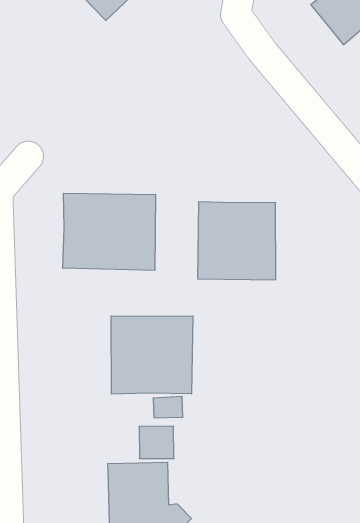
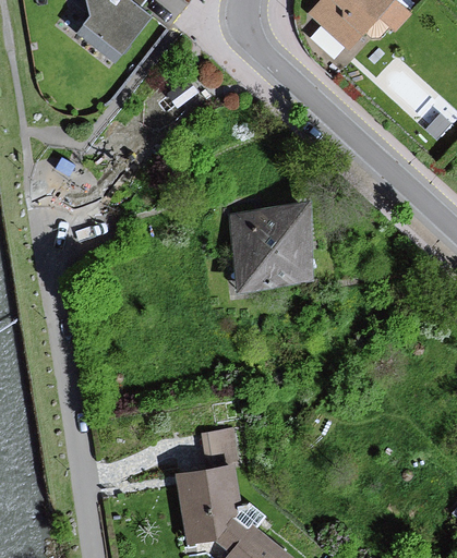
building: [63,193,156,270] -> none
building: [111,316,193,394] -> none

